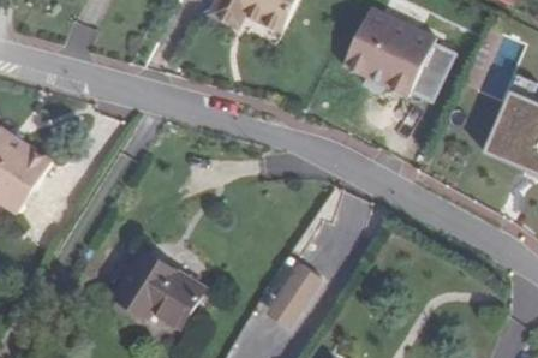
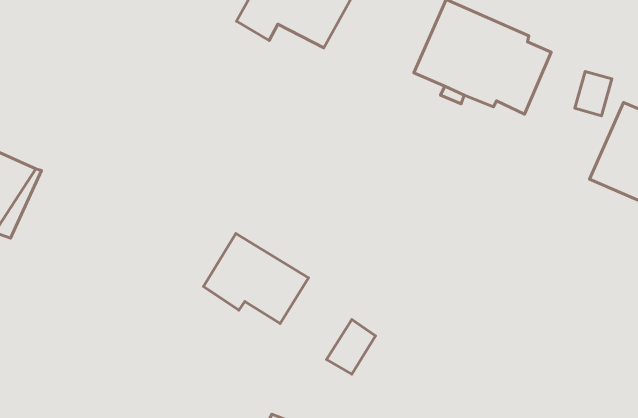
building: [114,255,199,328] -> [203,233,308,324]

